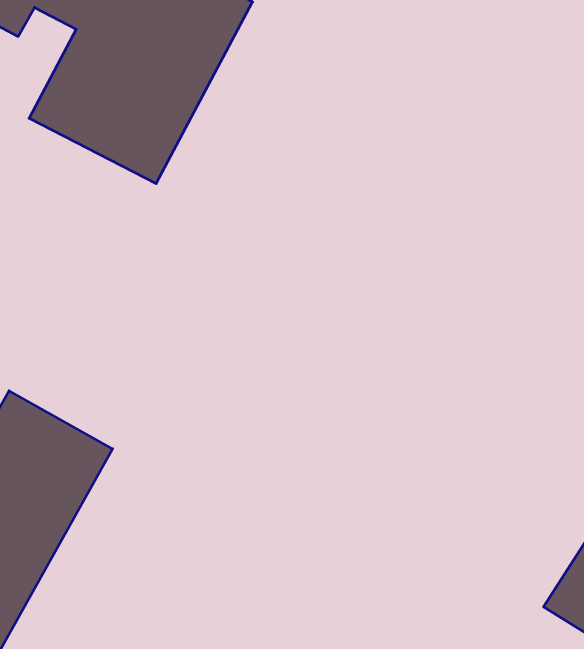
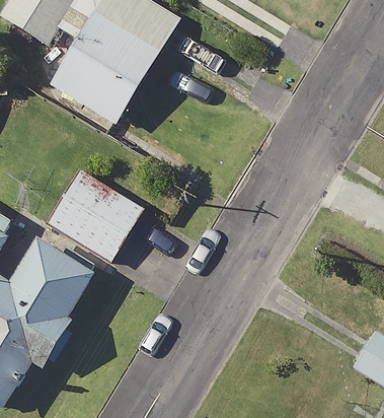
building: none -> [45,166,143,260]

